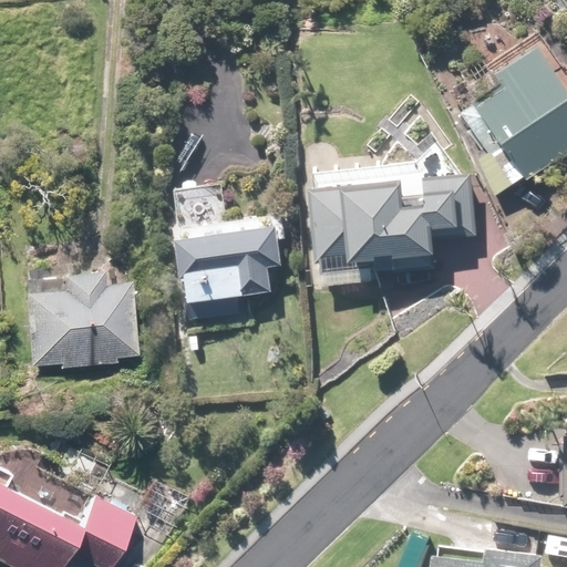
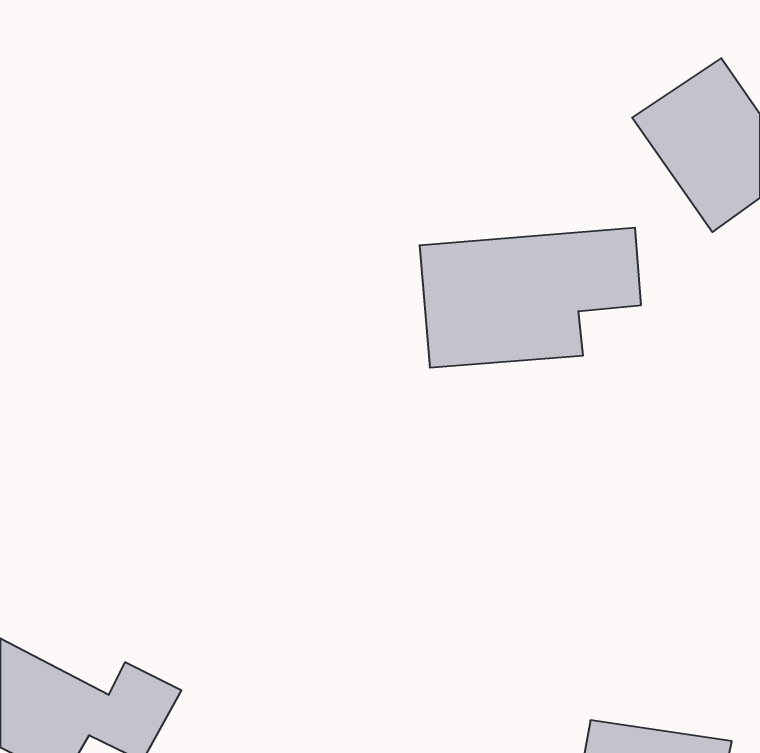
building: [181,224,282,320] -> none
building: [20,269,136,367] -> none

